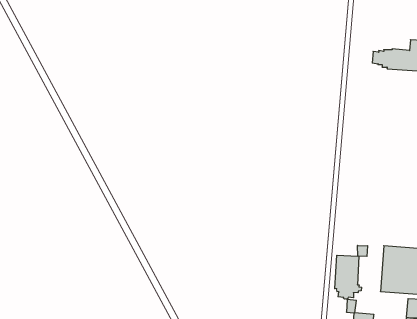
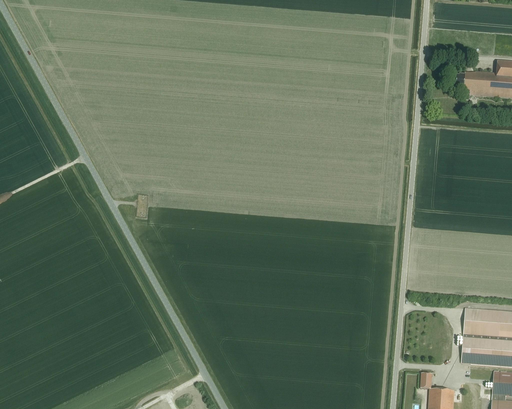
building: [335,245,368,299] -> none

